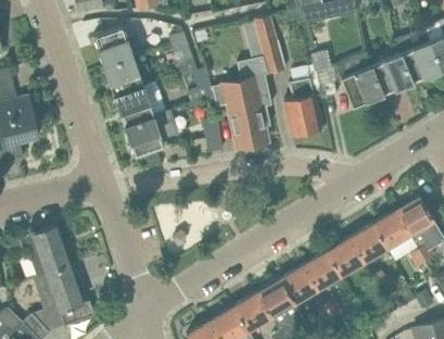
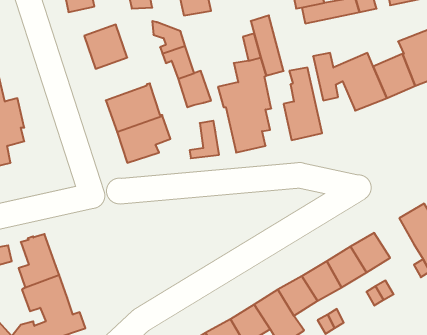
building: [104,56,153,98] -> none
building: [371,211,409,249] -> none

